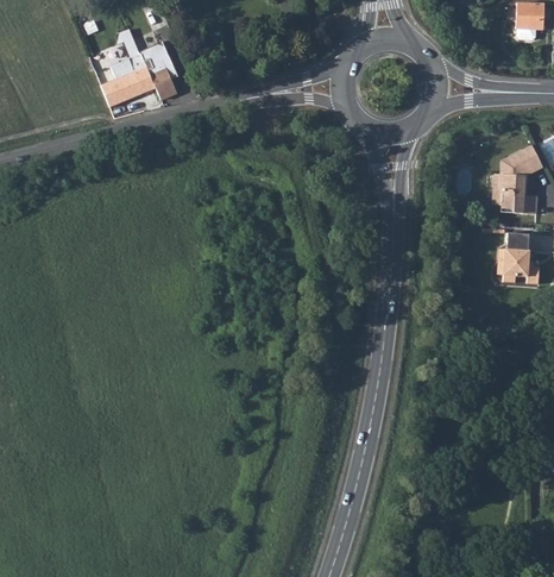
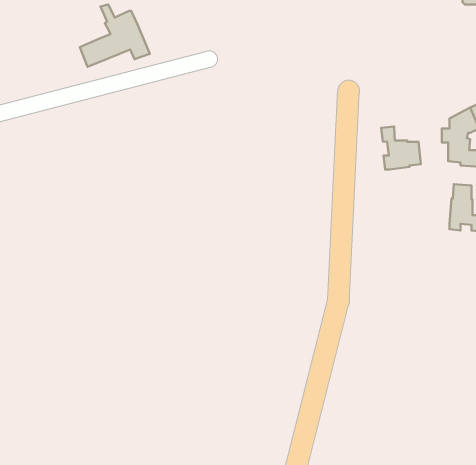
building: none -> [381,126,421,169]

